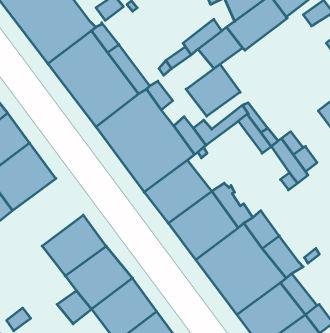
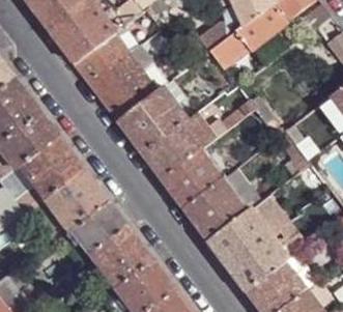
building: [186,64,240,116] -> none
building: none -> [44,168,108,230]

